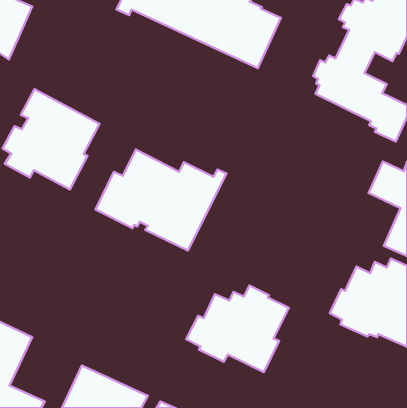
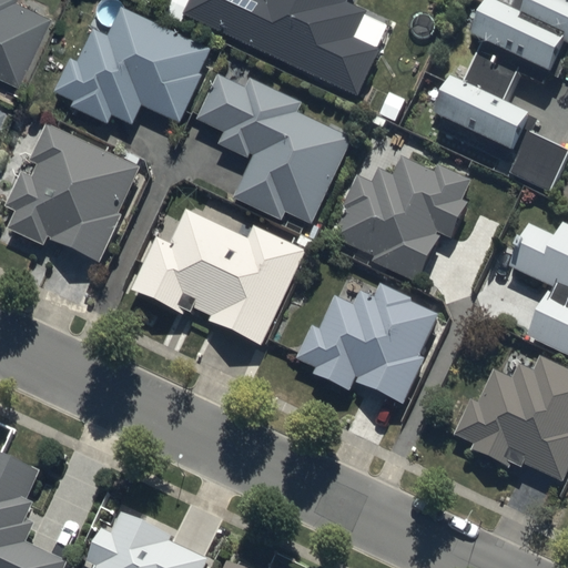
building: none -> [54,9,207,124]
building: none -> [199,75,352,222]
building: none -> [333,155,470,283]
building: [186,285,289,372] -> [296,283,438,403]

